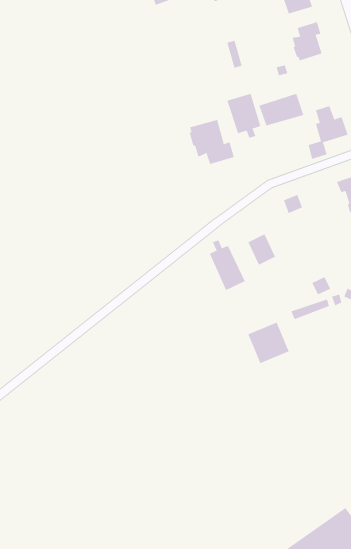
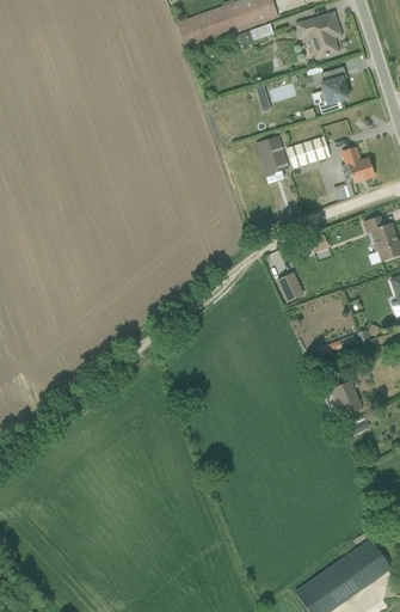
building: [189,119,235,165] -> none
building: [209,239,246,291] -> none
building: [248,322,289,364] -> [324,379,364,420]

